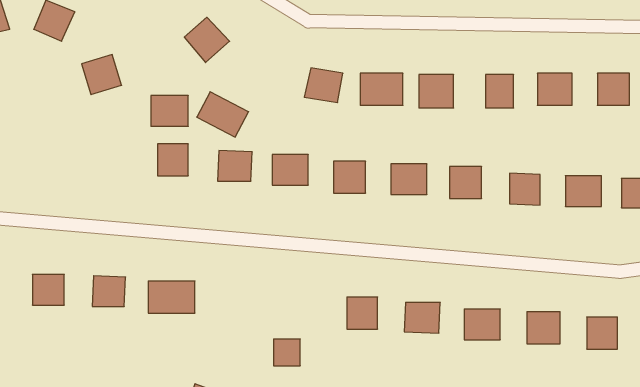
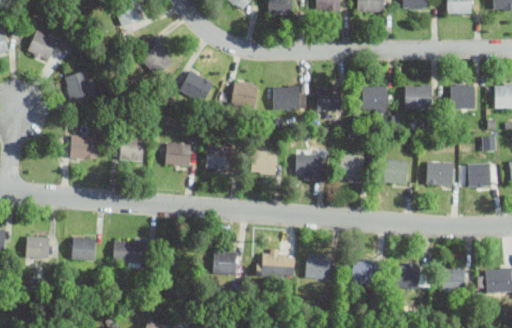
building: [197,92,249,137] -> [179,70,218,104]
building: [151,96,188,126] -> [69,136,97,159]
building: [274,339,300,366] -> [213,254,233,274]

